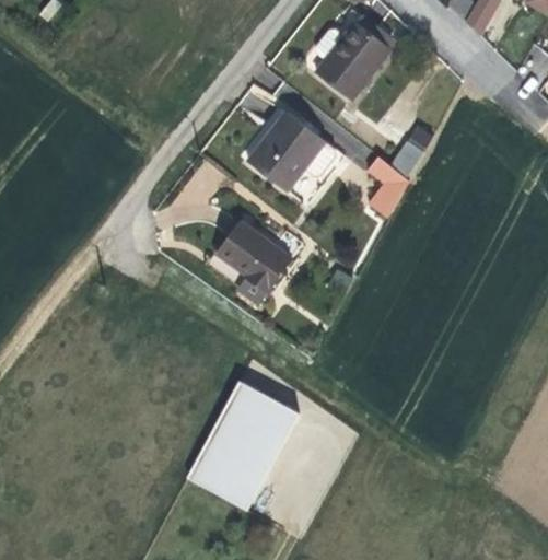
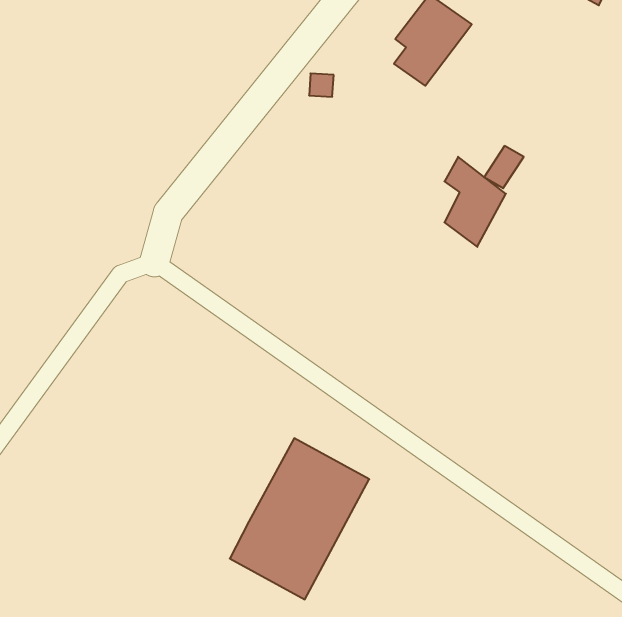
building: [248,114,337,202] -> none
building: [214,223,289,293] -> none

